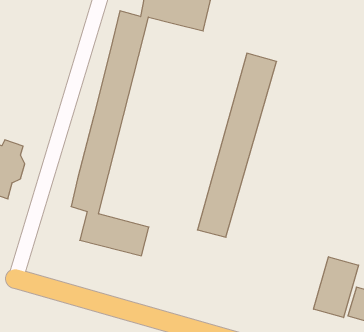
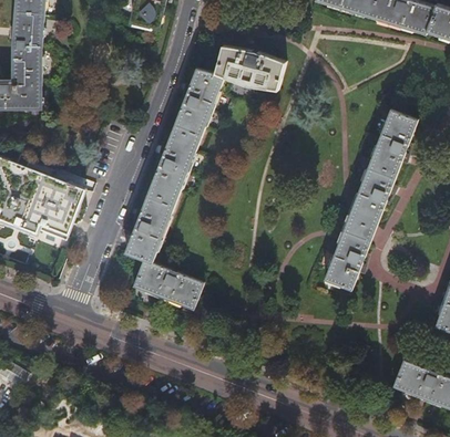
building: [197,53,277,237] -> [323,111,417,291]
building: [314,257,359,318] -> none

